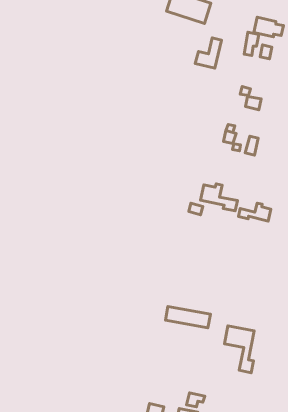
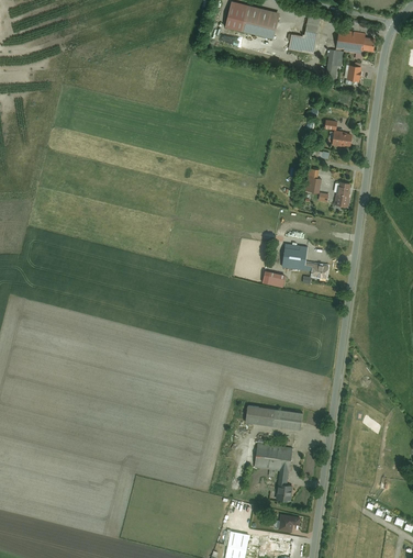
building: [195,38,221,68] -> [288,14,320,53]
building: [238,203,271,221] -> none
building: [224,326,254,373] -> [255,443,293,501]

